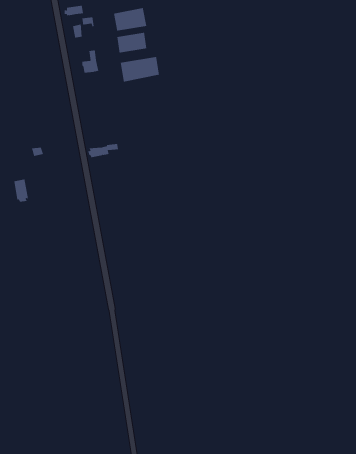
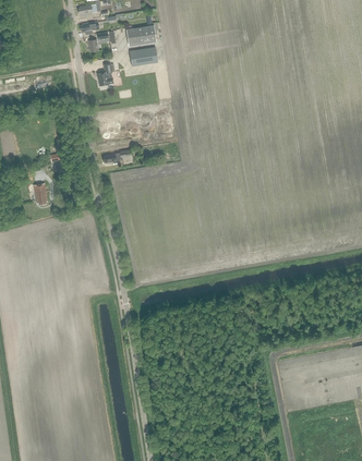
building: [120,56,160,82] -> none

